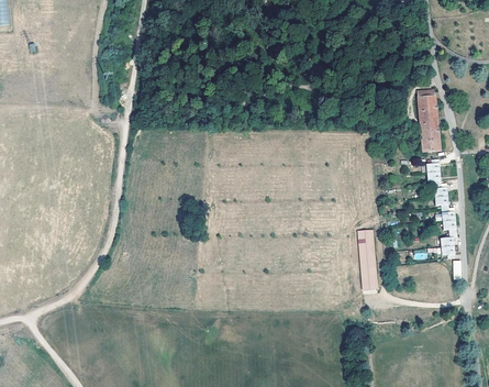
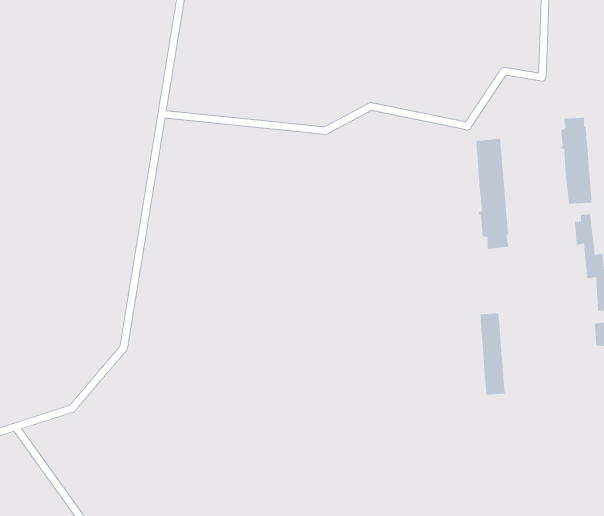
building: none -> [476,138,509,250]

